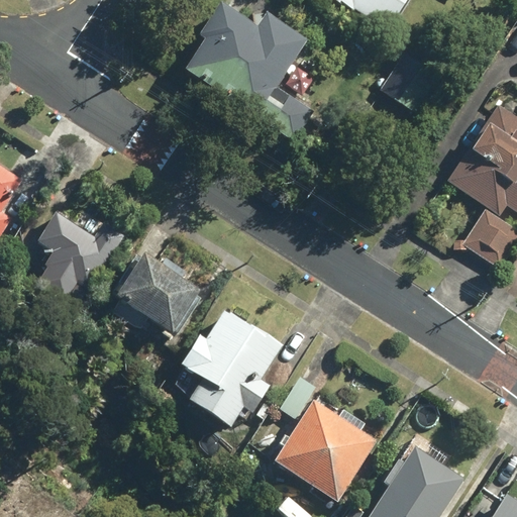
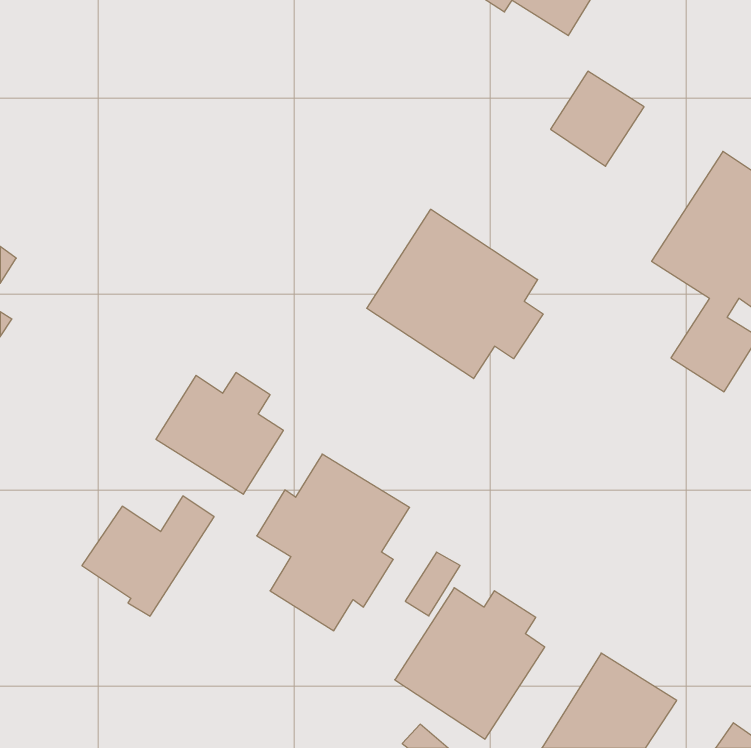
building: [183,4,314,145] -> none
building: none -> [367,209,543,379]
building: [35,219,125,301] -> [82,496,214,616]

